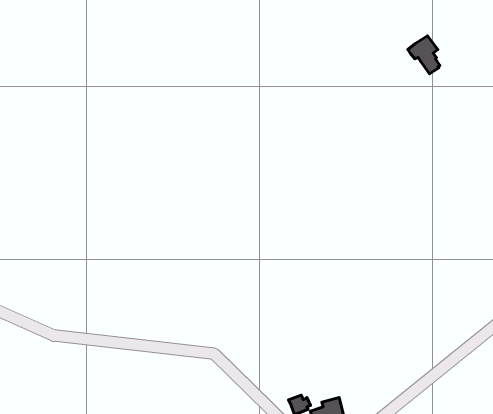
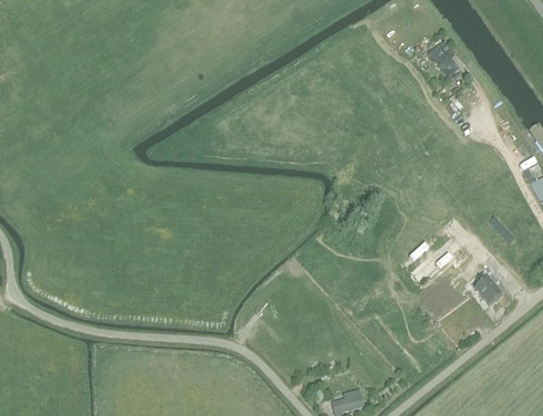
building: none -> [473,272,502,303]

